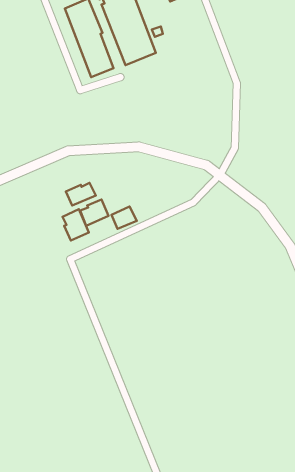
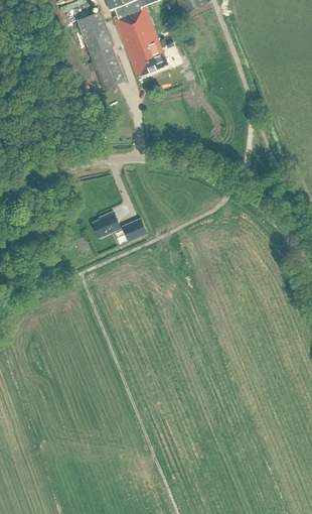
building: [66,183,96,205] -> none
building: [63,209,89,240] -> none

